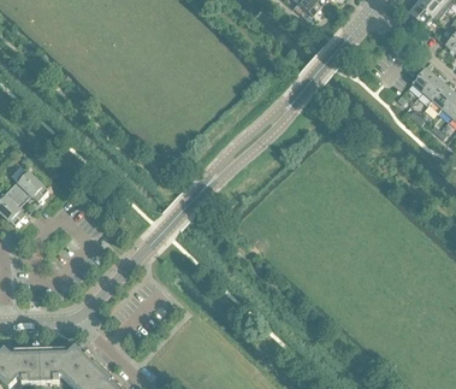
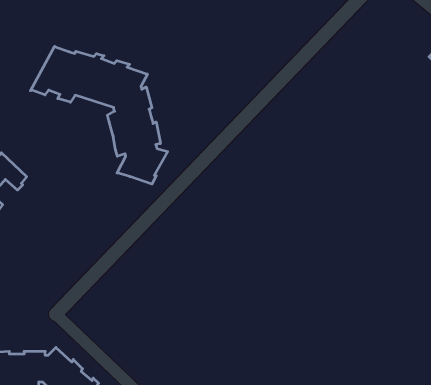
building: none -> [30,46,168,184]

